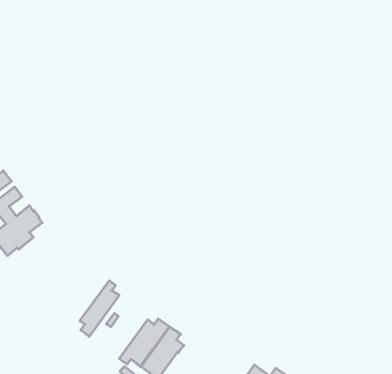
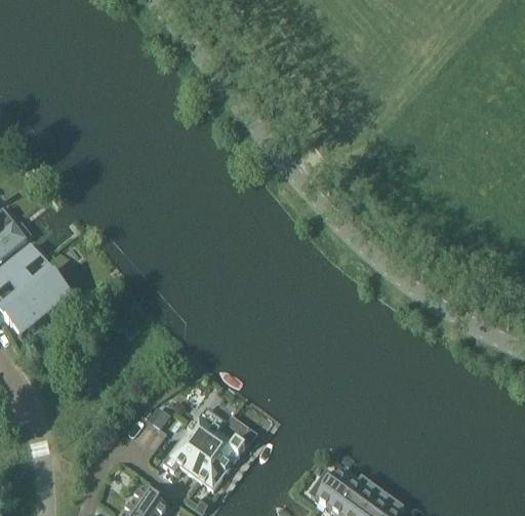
building: [80,281,119,337] -> none

